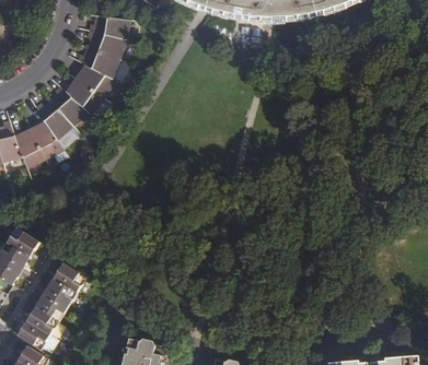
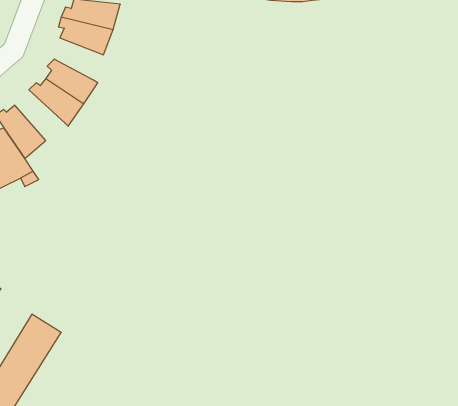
building: [74,47,118,80] -> none
building: [49,86,89,127] -> none

